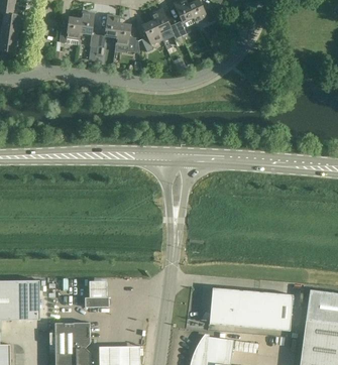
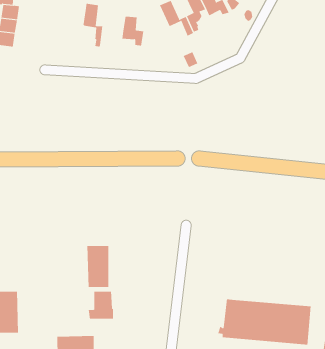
building: [141,13,162,51] -> none
building: [96,14,120,51] -> none
building: [59,17,81,43] -> none
building: [18,280,39,320] -> [87,246,109,288]

